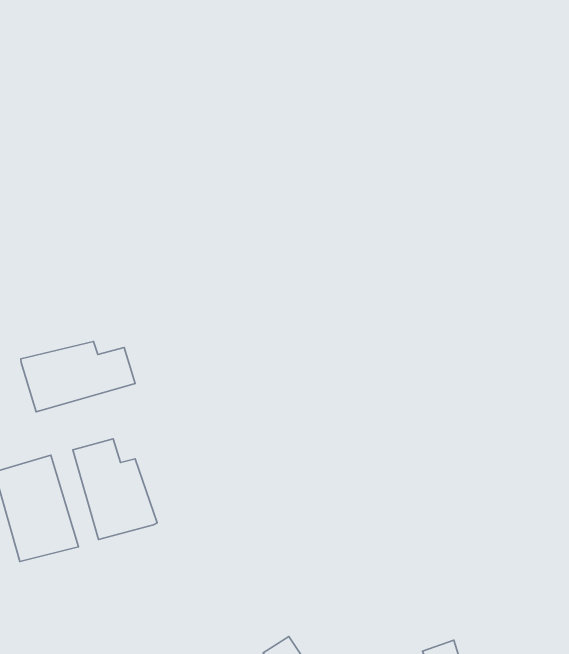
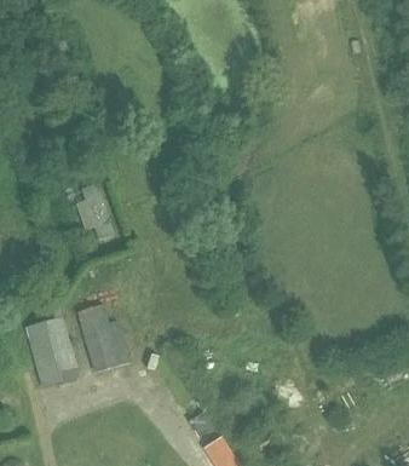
building: [21,342,135,412] -> none

